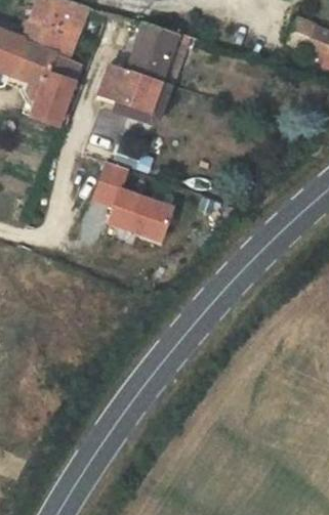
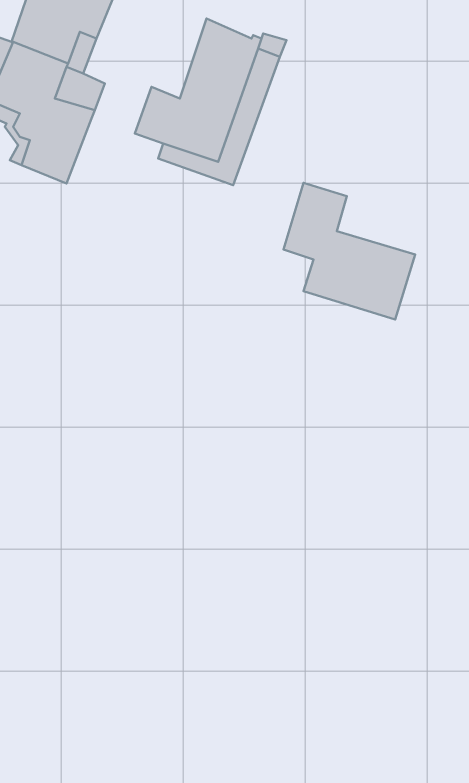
building: [86,160,167,244] -> [283,183,415,319]

